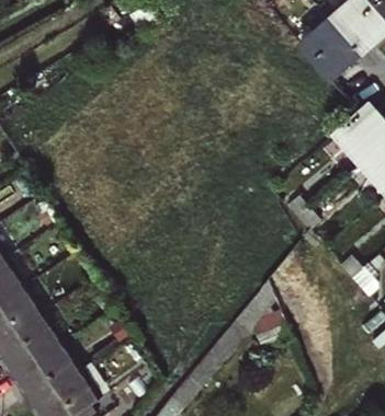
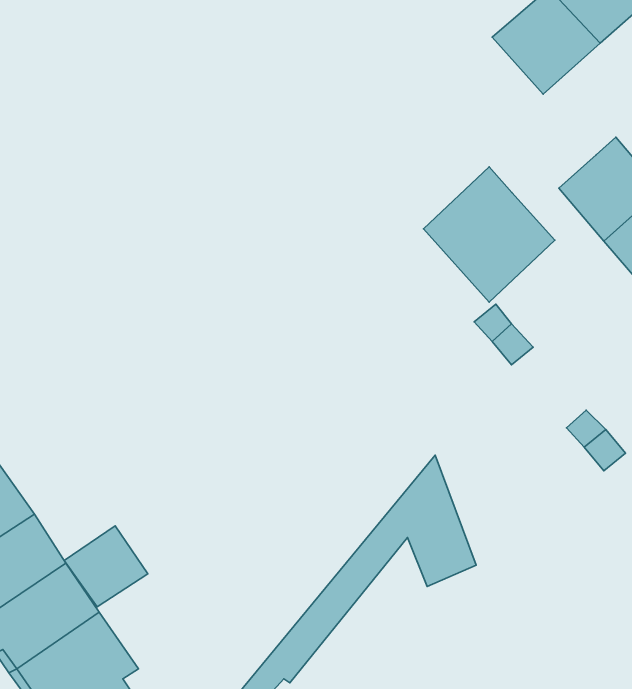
building: none -> [423,167,555,302]
building: none -> [64,526,148,607]

